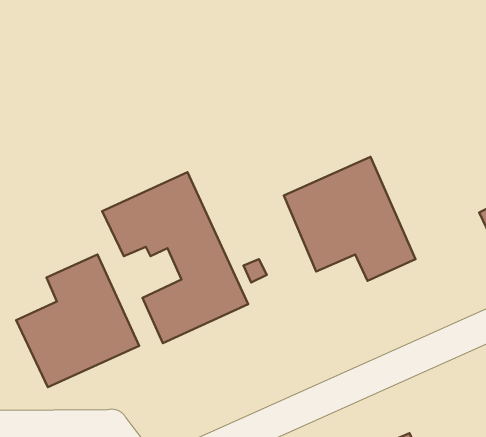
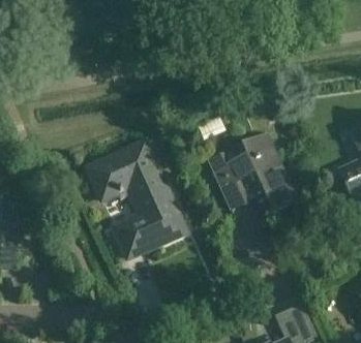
building: [16,255,139,387] -> none

